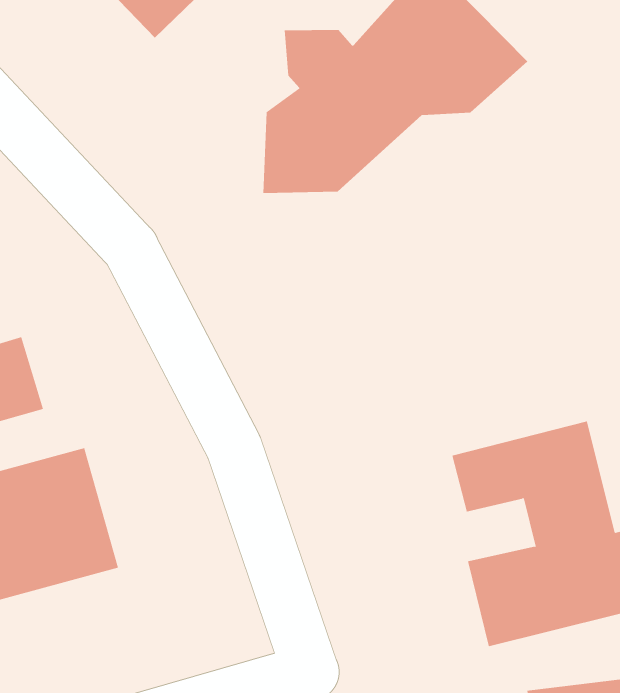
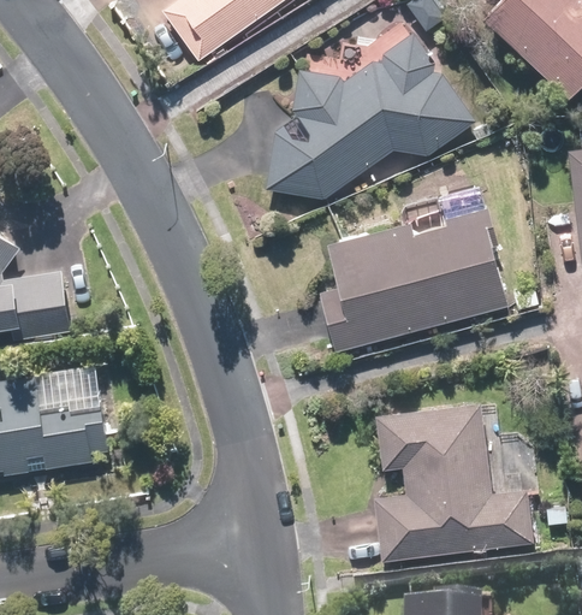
building: none -> [320,191,510,348]

